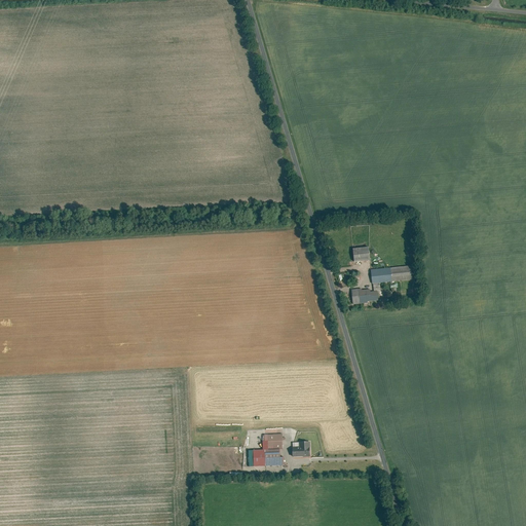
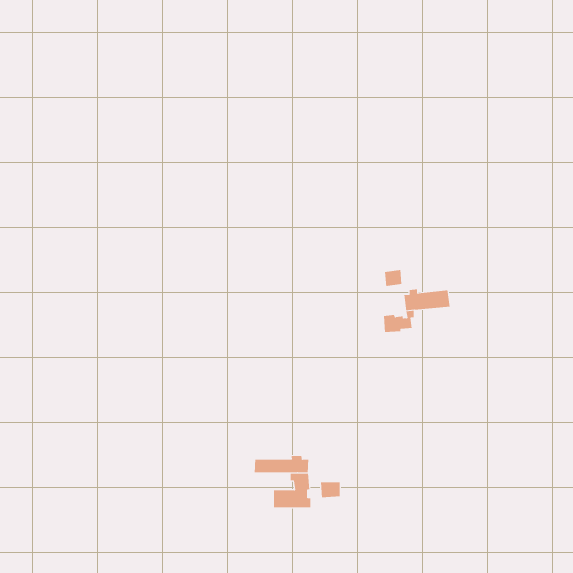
building: none -> [254,455,309,473]

